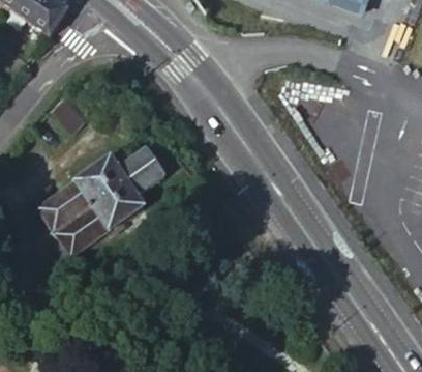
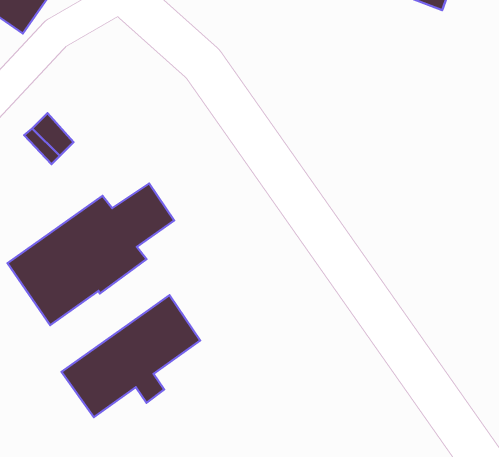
building: none -> [61,295,200,417]

